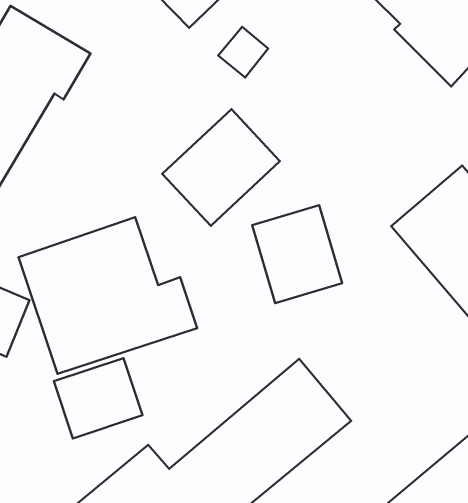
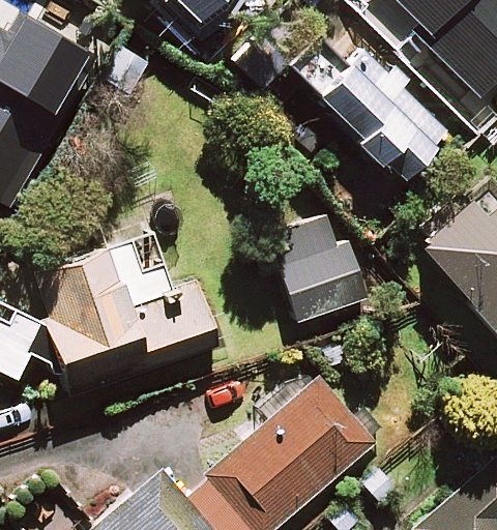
building: none -> [292,46,445,180]
building: [162,109,280,226] -> none
building: [54,358,142,438] -> none

